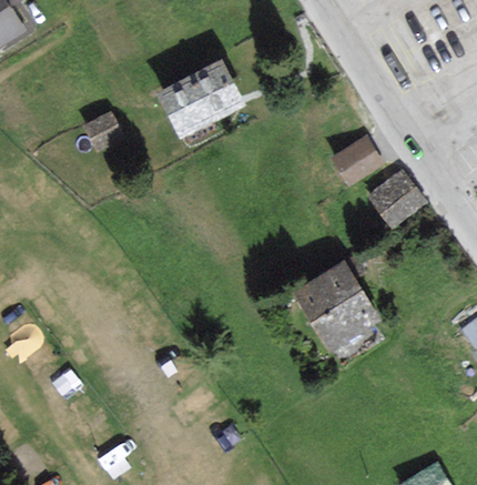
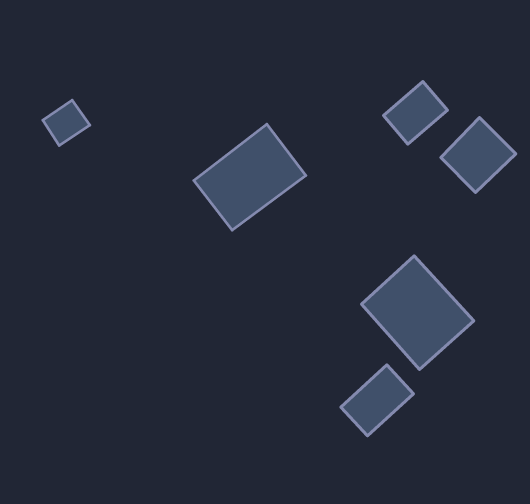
building: [161,62,242,134] -> [194,124,306,230]
building: none -> [341,365,414,436]

